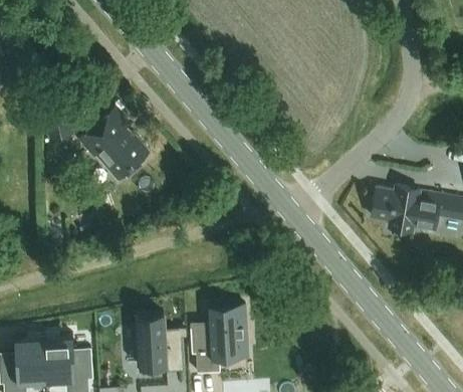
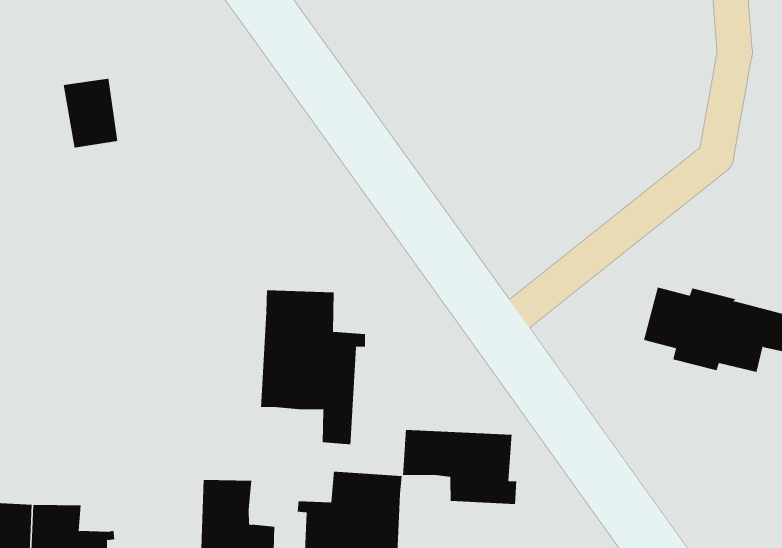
building: [79,110,151,183] -> none
building: none -> [260,289,366,445]
building: none -> [402,429,517,505]

